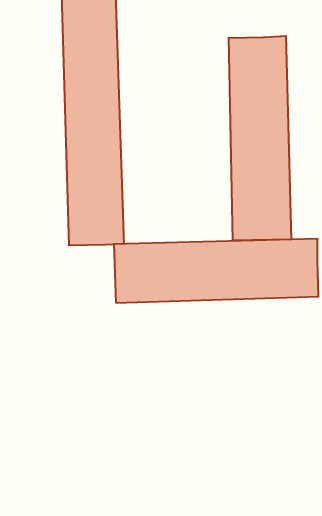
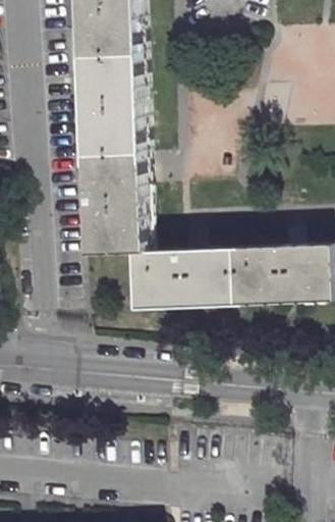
building: [229,36,291,241] -> none

